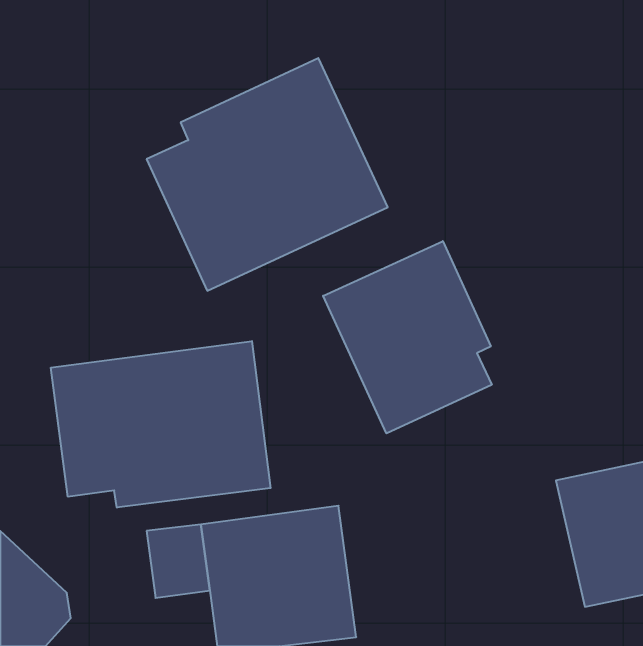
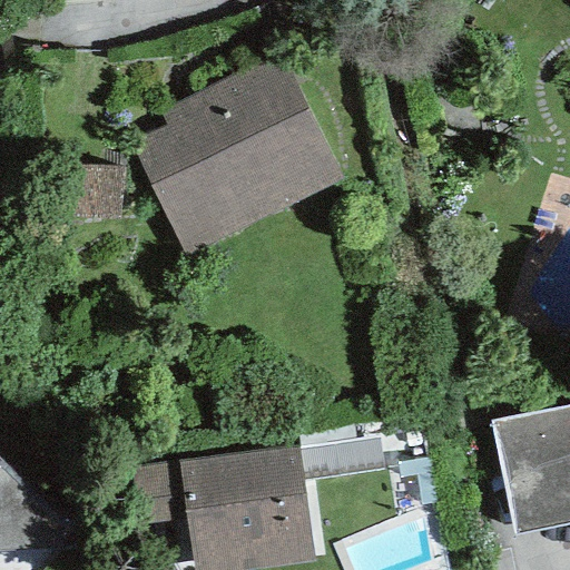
building: [323,241,492,433] -> none
building: [51,341,271,508] -> none

